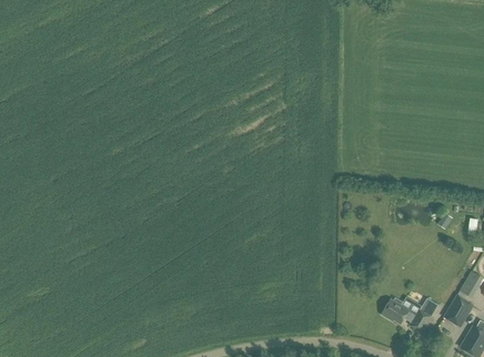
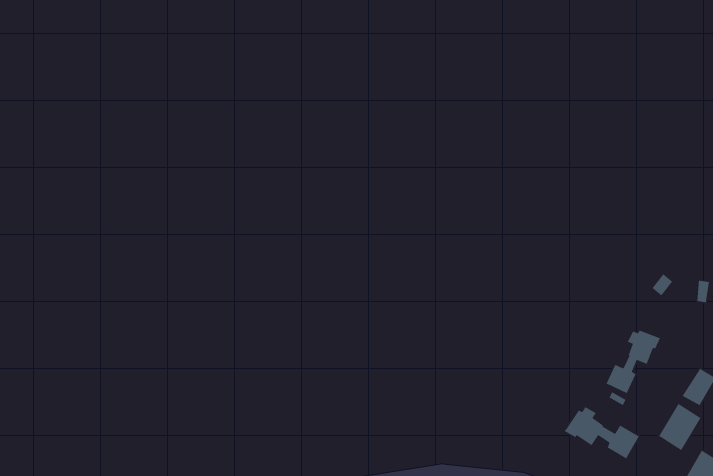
building: none -> [606,329,661,394]

